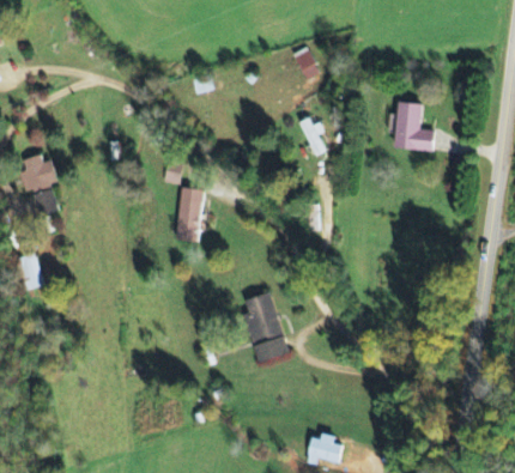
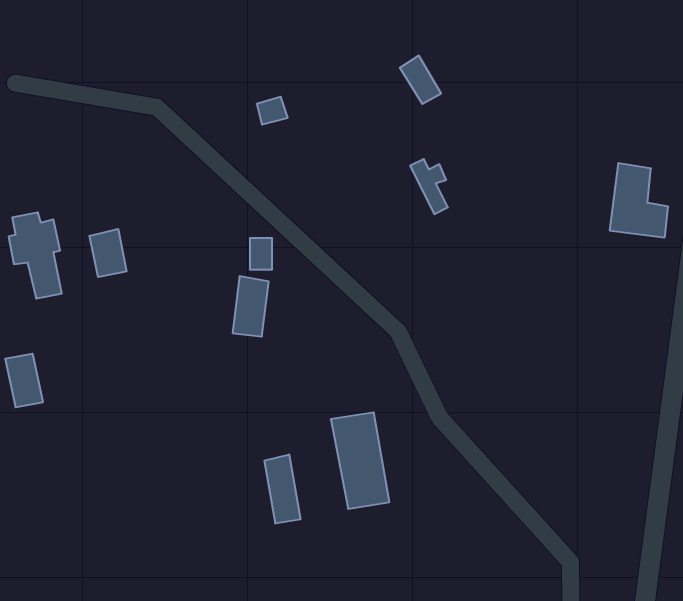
building: [394,102,435,153] -> [610,163,668,237]
building: none -> [90,229,127,277]
building: none -> [264,454,300,524]

